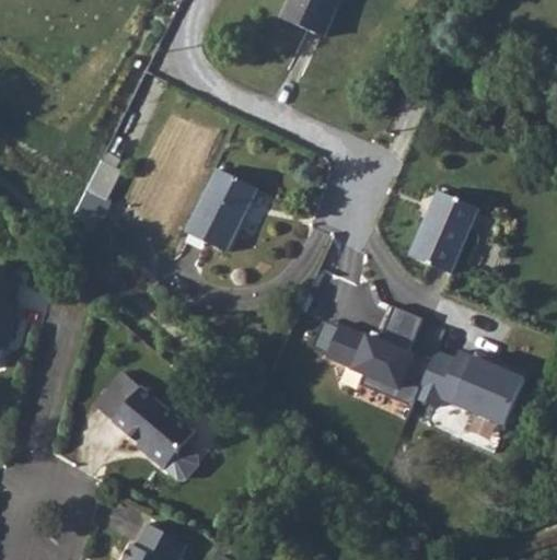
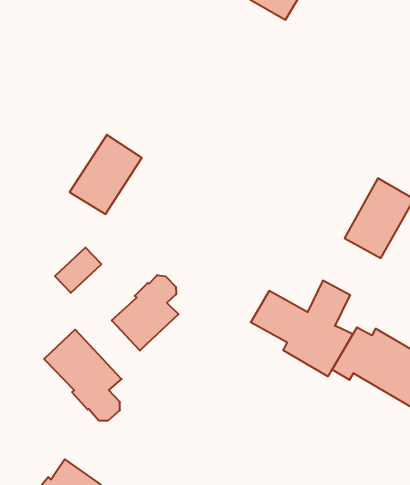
building: [185,168,256,252] -> [70,135,142,214]
building: none -> [112,275,179,351]
building: [93,371,140,420] -> [55,248,101,293]

